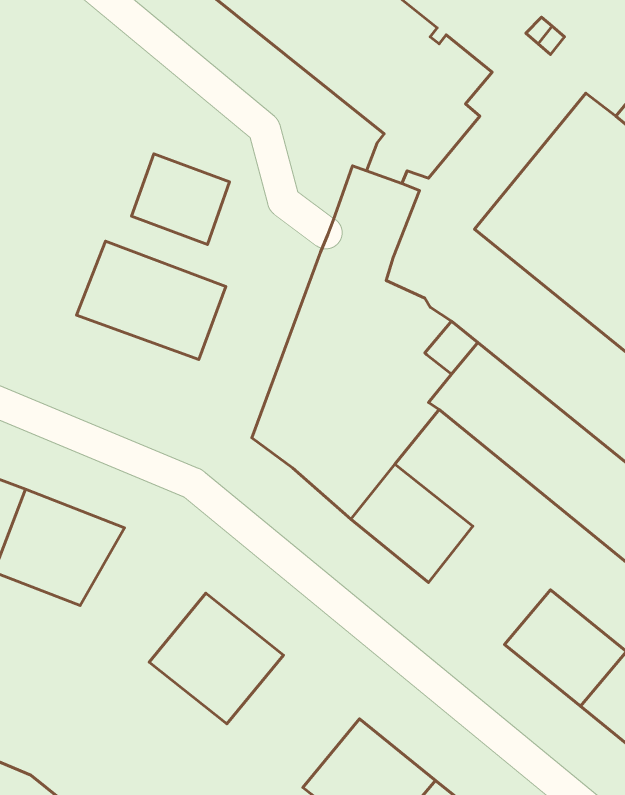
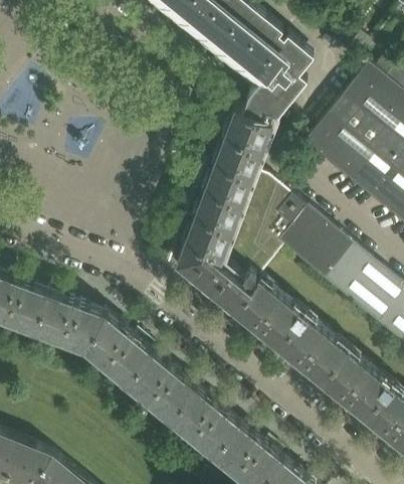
building: [132,154,230,244] -> none
building: [77,241,226,360] -> none
building: none -> [279,312,349,379]
building: none -> [81,313,153,389]
building: none -> [165,385,240,461]

